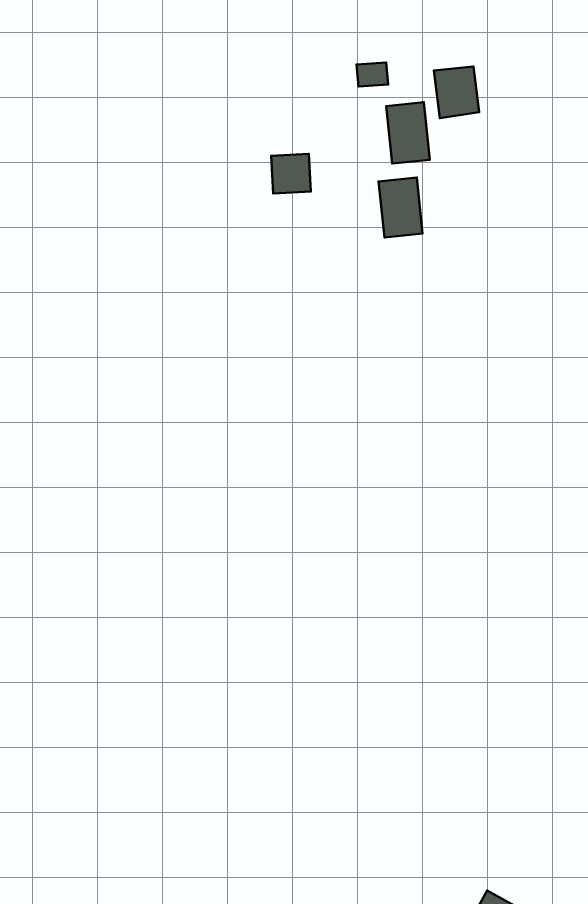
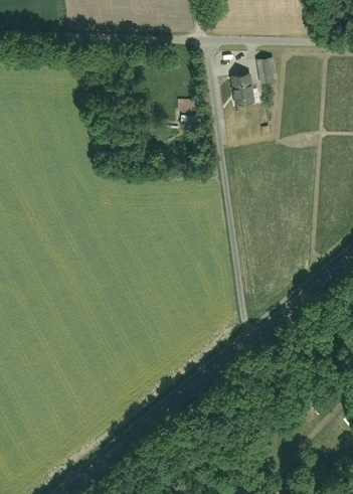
building: [379,178,423,238] -> none

